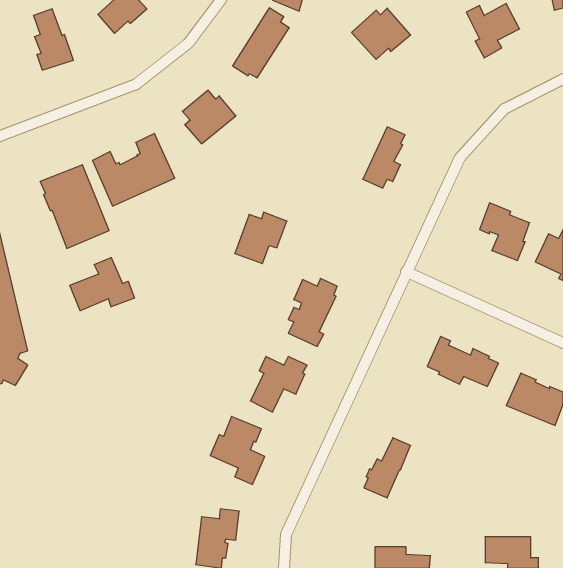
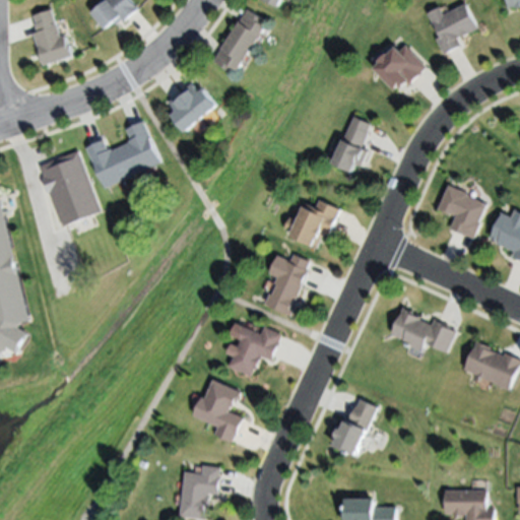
building: [352,8,411,59] -> [372,44,426,90]
building: [235,212,287,263] -> [290,200,338,247]
building: [70,257,135,311] -> none

